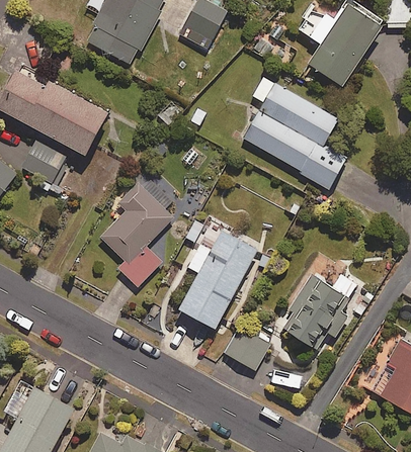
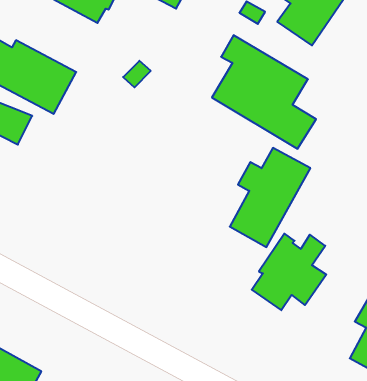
building: [100,182,174,287] -> none
building: [179,231,259,329] -> [230,148,310,247]
building: [225,325,271,370] -> none

